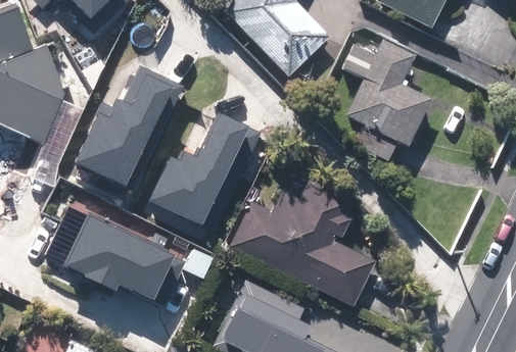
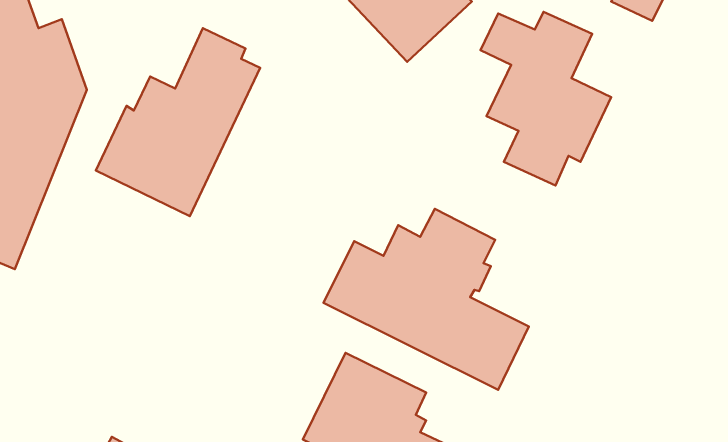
building: [143,96,259,233] -> none
building: [59,213,183,307] -> none

